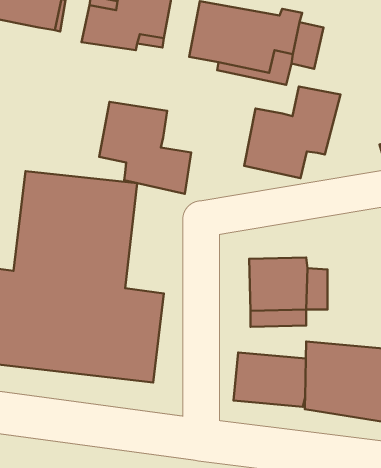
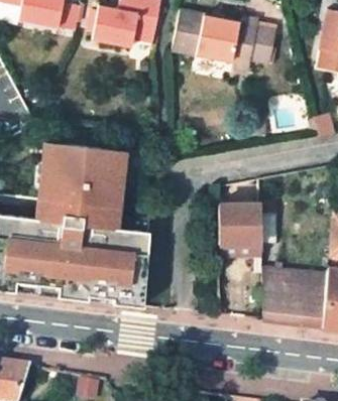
building: [244,86,341,178] -> none
building: [99,102,191,194] -> none
building: [234,352,306,407] -> none

